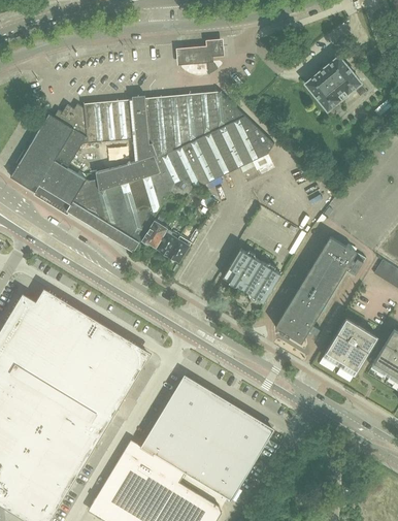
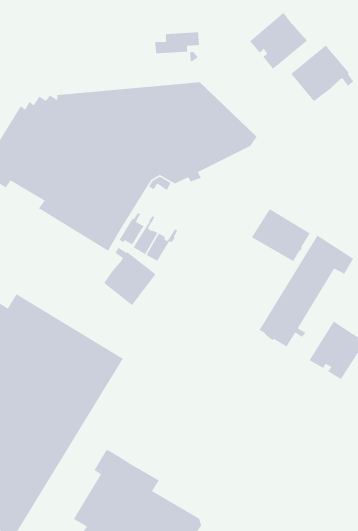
building: none -> [249,12,308,70]
building: none -> [103,247,156,306]
building: [223,250,279,301] -> [251,208,311,262]
building: [142,377,271,499] -> none

